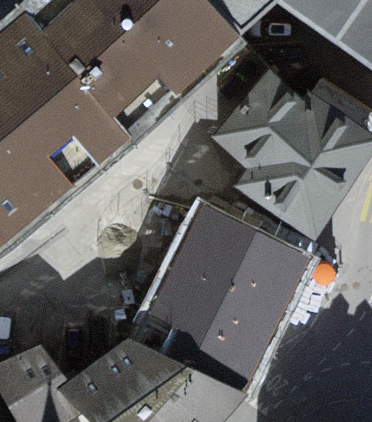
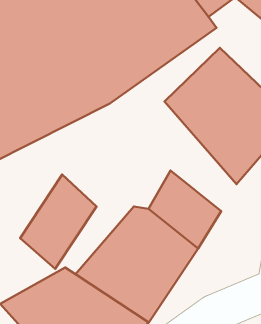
building: none -> [20,175,96,269]

